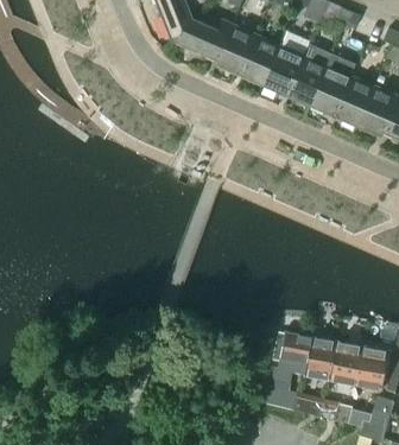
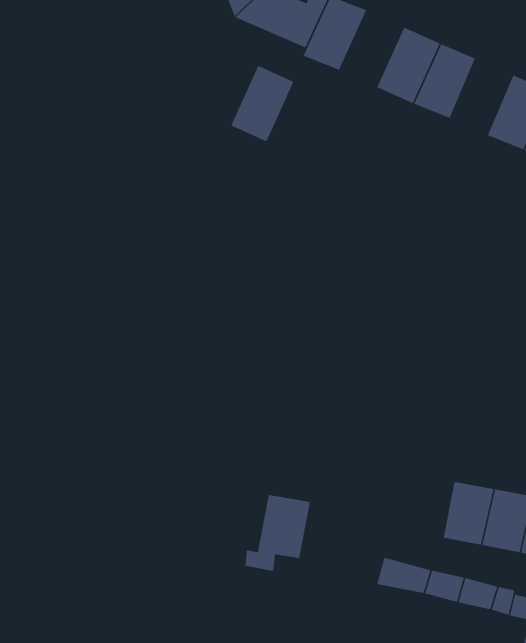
building: [239,33,280,83] -> [230,65,295,143]
building: [310,64,350,114] -> none
building: [270,331,312,381] -> [244,494,311,572]

